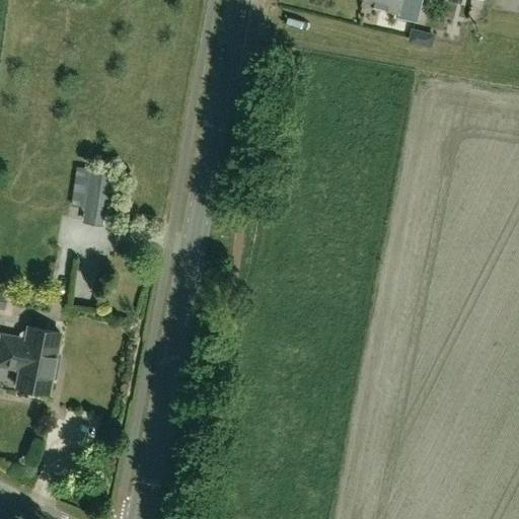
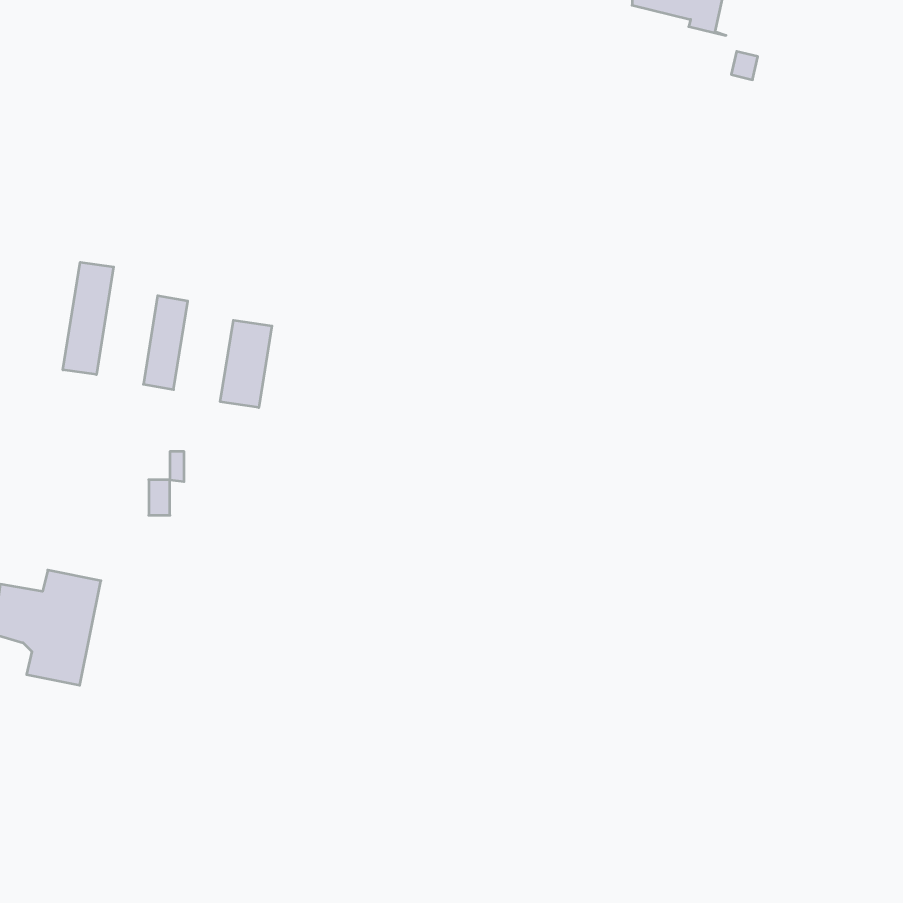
building: none -> [63,262,114,375]
building: none -> [220,320,272,408]

